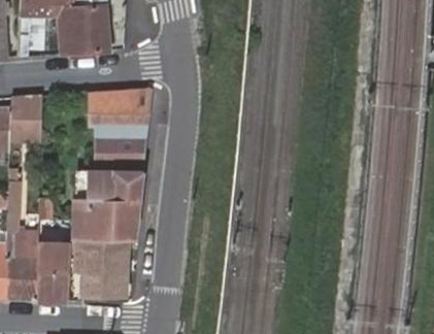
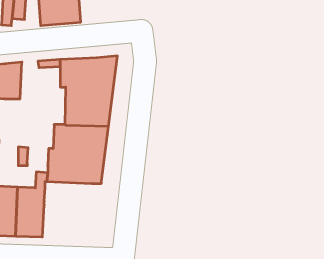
building: [68,235,125,299] -> none

